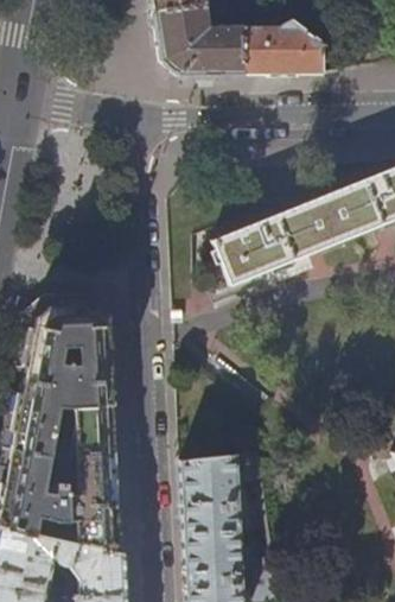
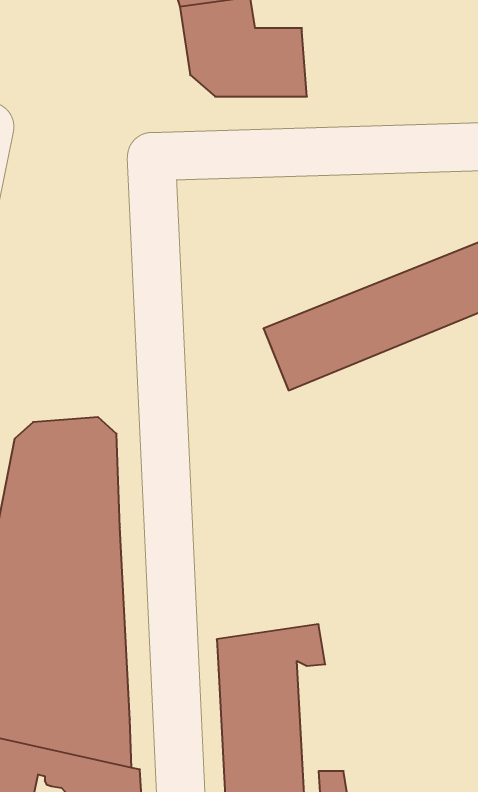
building: [240,20,321,77] -> none

